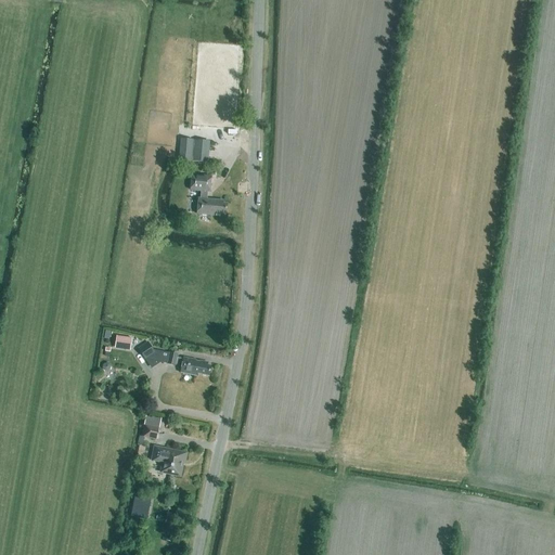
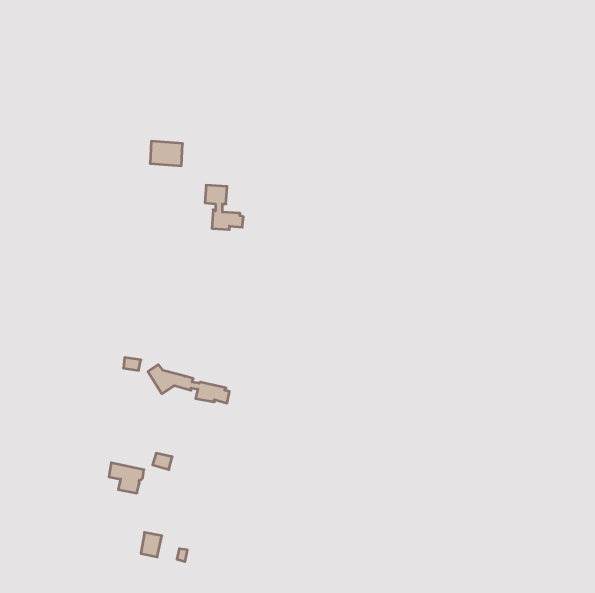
building: [179,137,209,159] -> [150,141,183,166]
building: [153,444,185,473] -> [109,463,144,493]

